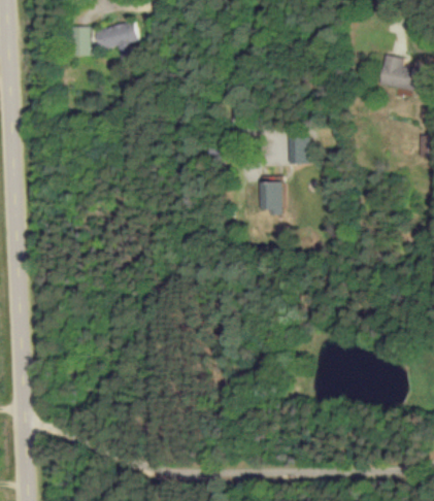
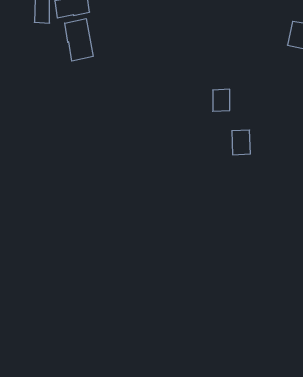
building: none -> [65,19,93,61]
building: [259,180,281,210] -> [232,130,250,155]

